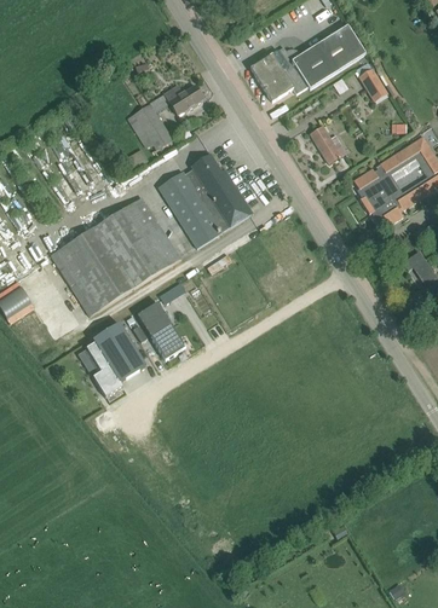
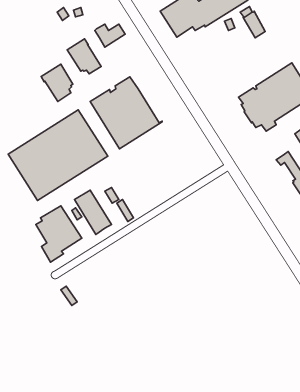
building: [310,125,346,163] -> none
building: none -> [41,64,73,101]

